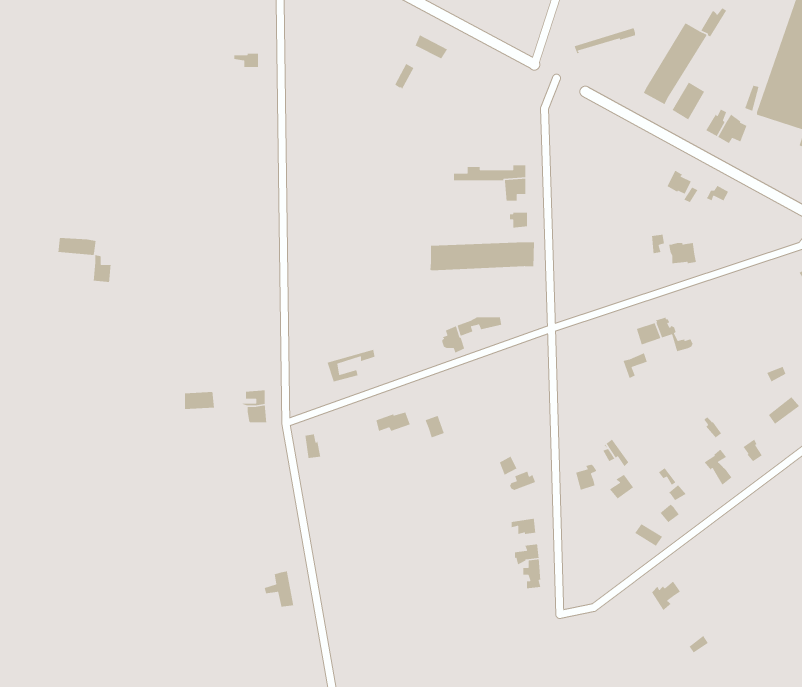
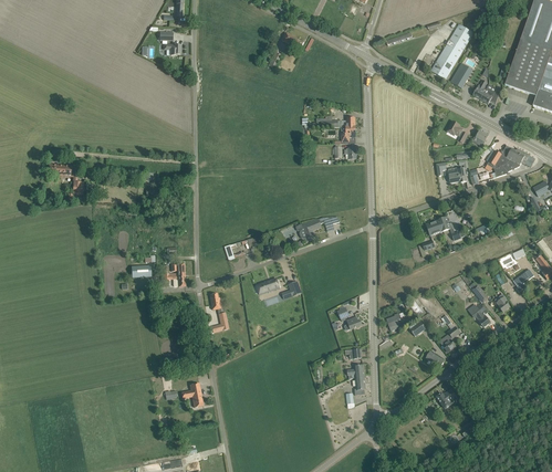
building: none -> [487,145,524,177]
building: [430,241,535,271] -> none

